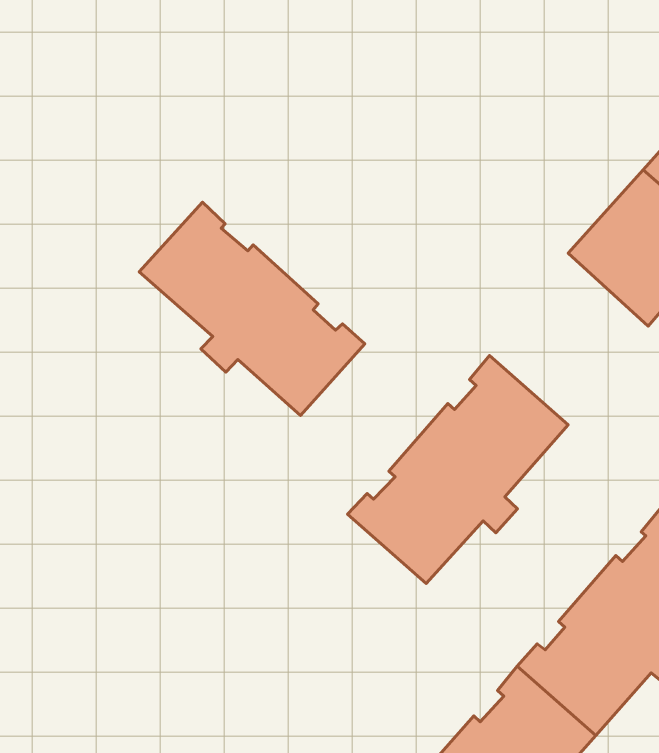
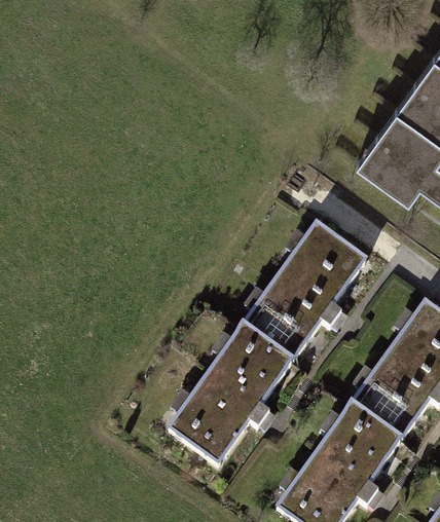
building: [139,202,365,416] -> none
building: none -> [168,325,292,464]

